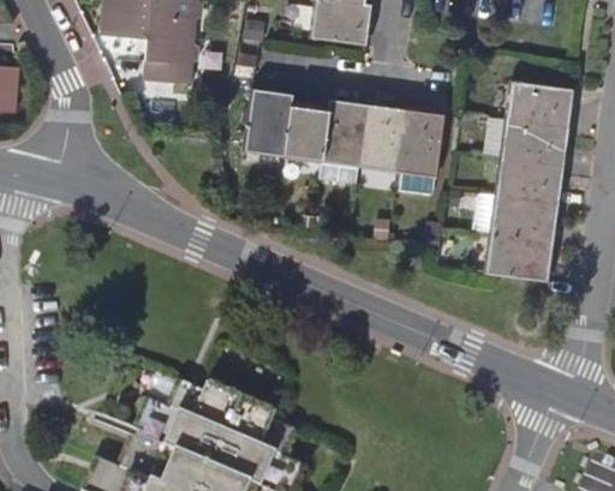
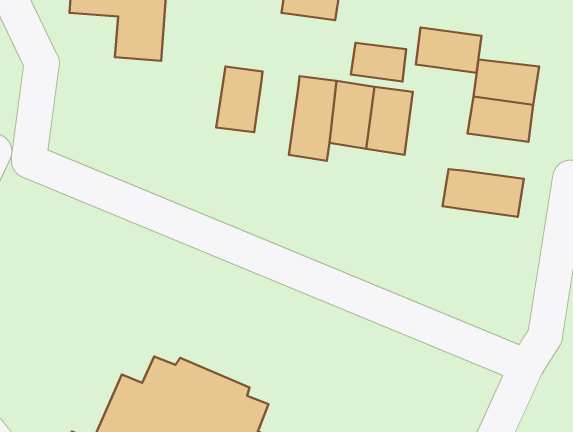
building: none -> [351,43,406,81]
building: [285,103,329,161] -> none
building: [495,156,561,202] -> [416,27,481,73]
building: [485,232,550,277] -> none

